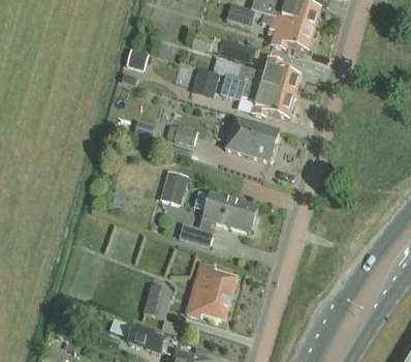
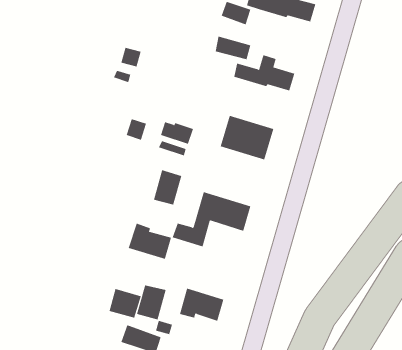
building: [260,12,315,50] -> none
building: [191,68,220,98] -> none
building: [220,76,294,118] -> none
building: [192,263,235,299] -> [128,223,172,260]
building: none -> [109,288,141,319]

